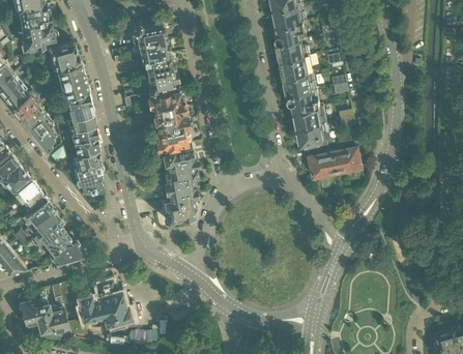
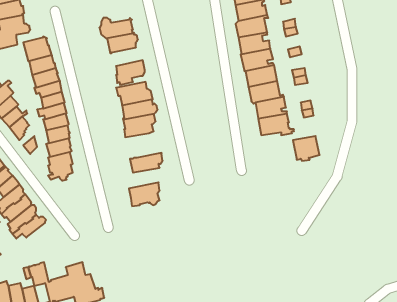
building: [143,55,176,75] -> none
building: [310,146,338,178] -> none
building: [163,147,197,171] -> none
building: [162,181,200,203] -> none
building: [52,239,84,264] -> none

